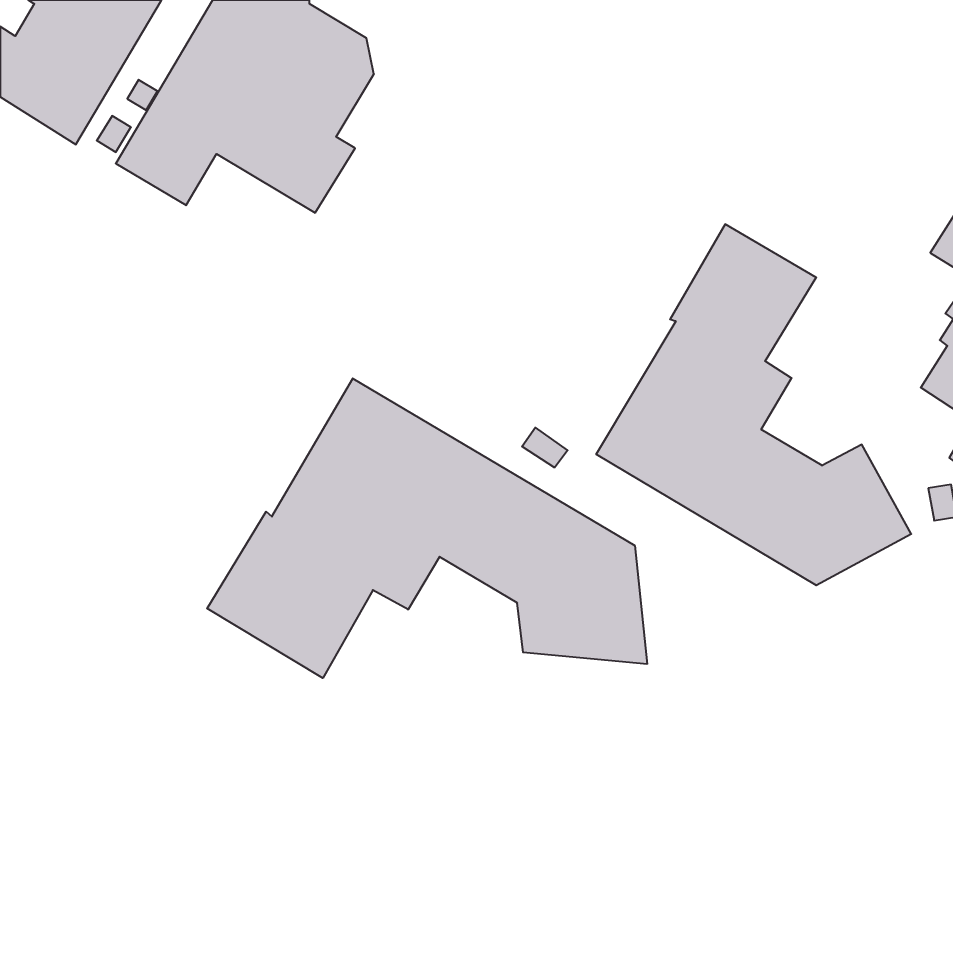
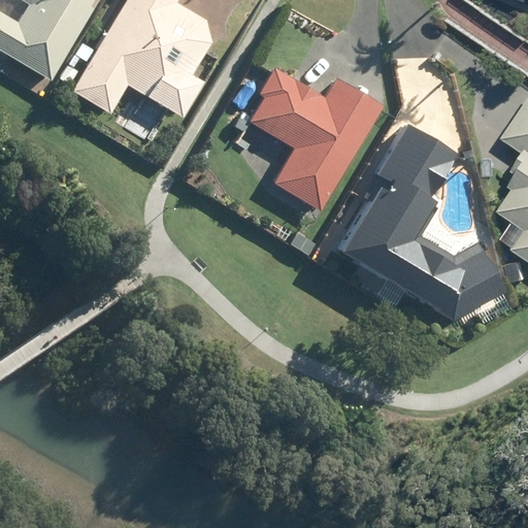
building: none -> [250,66,383,212]
building: [207,378,647,678] -> none

